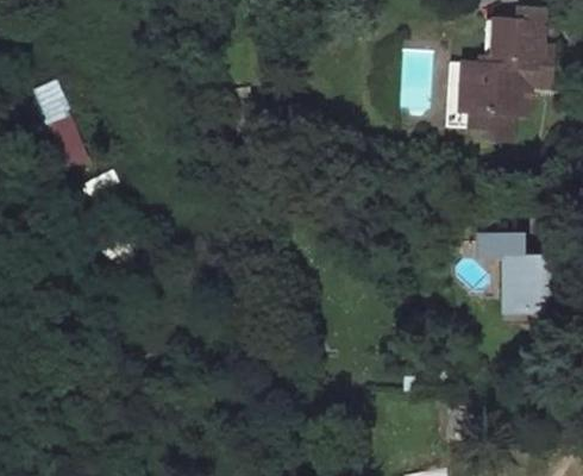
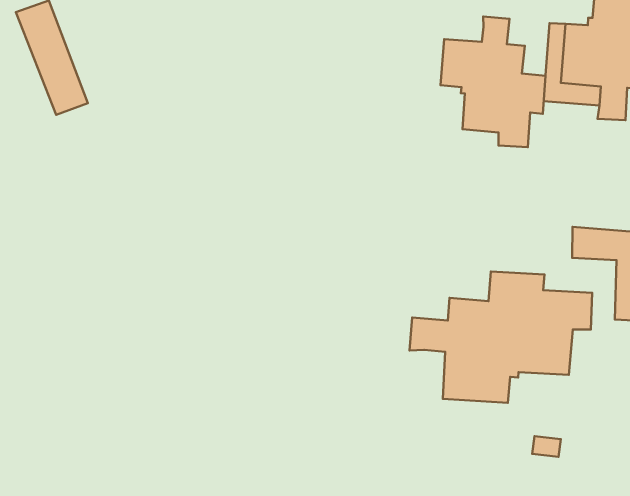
building: none -> [441,16,545,147]
building: none -> [409,272,592,403]

